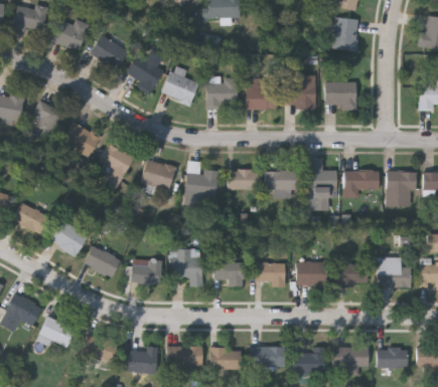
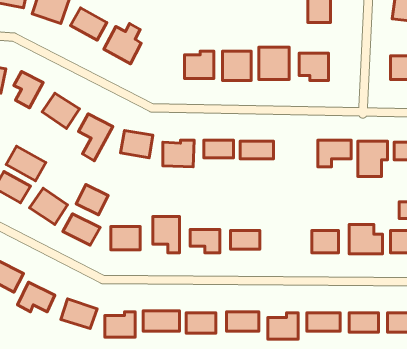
building: [162,67,199,106] -> none
building: [308,172,336,210] -> none
building: none -> [6,146,46,181]
building: none -> [76,184,108,215]
building: [296,261,327,284] -> none

